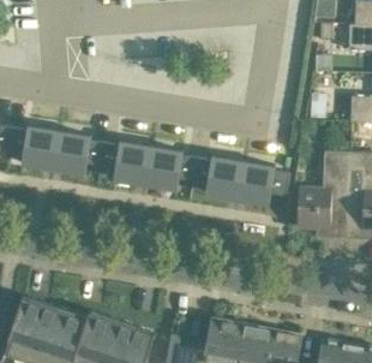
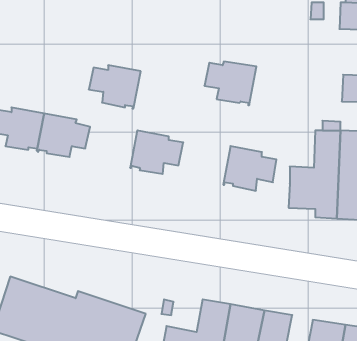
building: [97,143,149,186] -> [89,65,141,109]
building: [190,160,241,203] -> [204,62,256,105]

